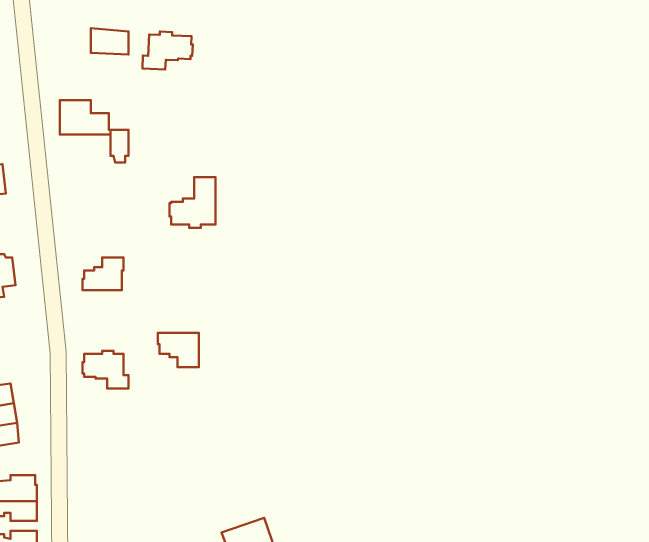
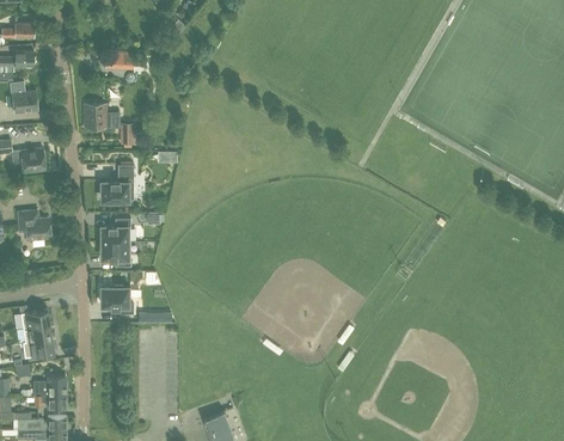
building: [142,32,193,70] -> none
building: [170,177,215,228] -> [99,165,133,202]
building: [158,333,199,367] -> [99,241,129,267]

